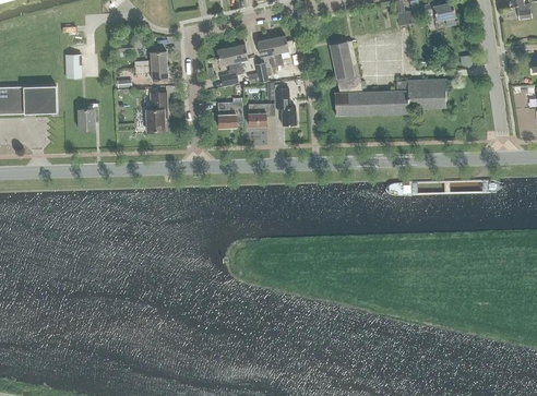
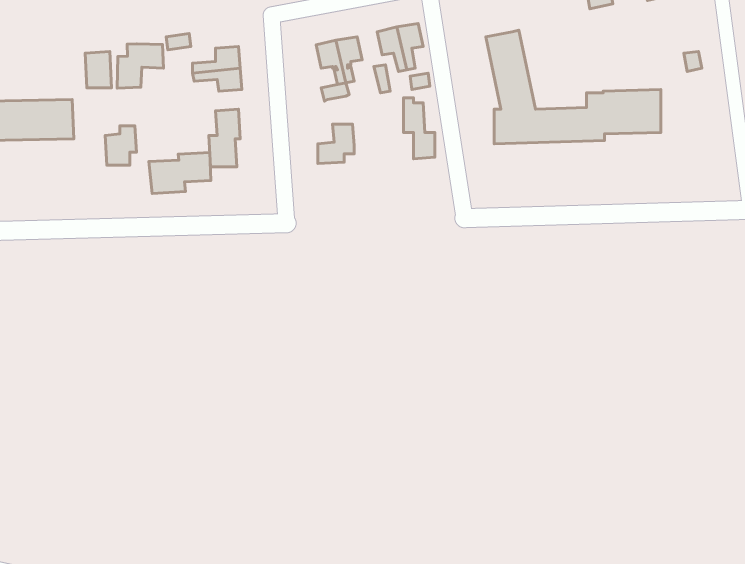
building: none -> [117,44,164,88]
building: [247,103,274,125] -> none
building: none -> [149,152,211,194]

